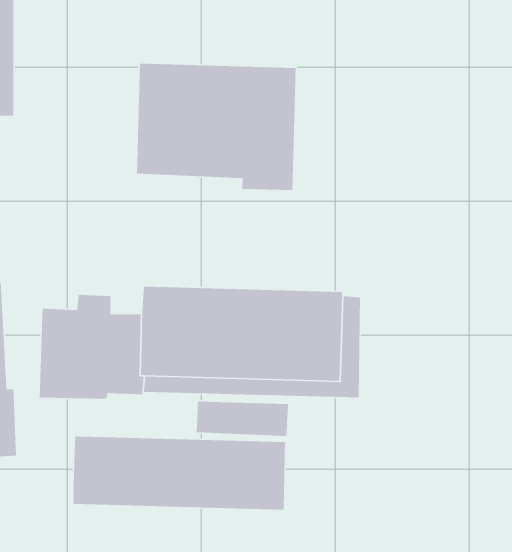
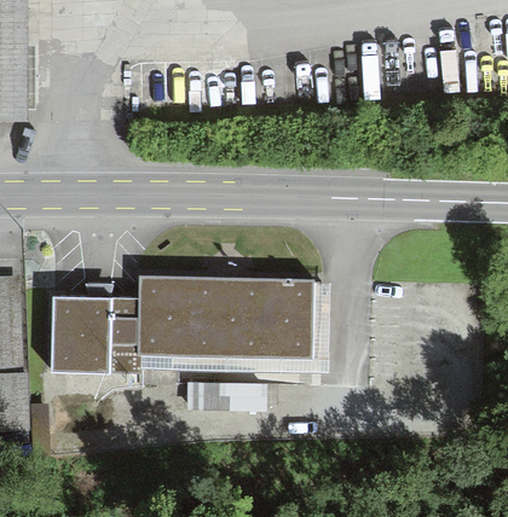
building: [136,63,297,191] -> none
building: [73,436,286,510] -> none

